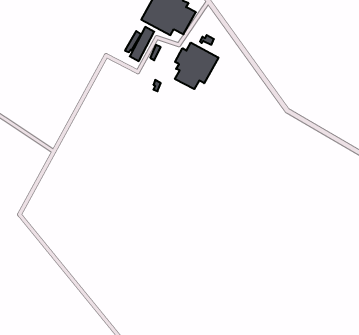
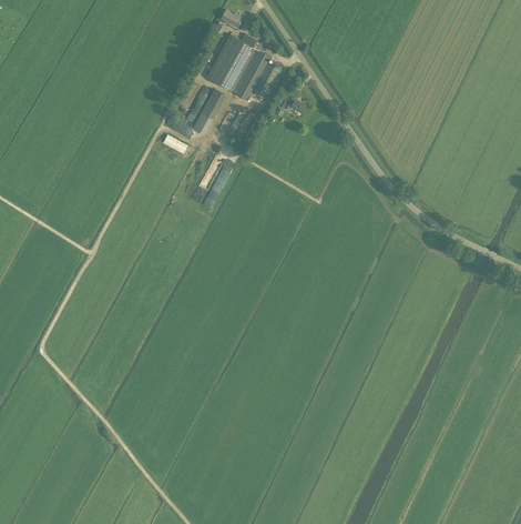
building: [175,43,218,89] -> none

